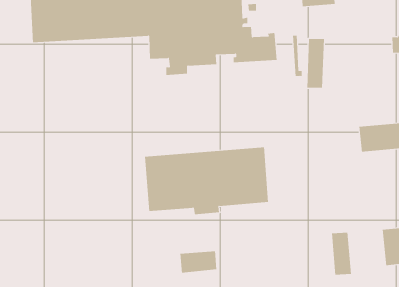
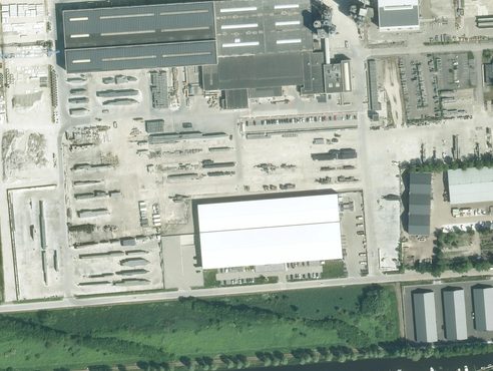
building: [307,38,325,88] -> [409,176,430,235]
building: none -> [444,289,467,341]
building: [180,251,217,274] -> none

